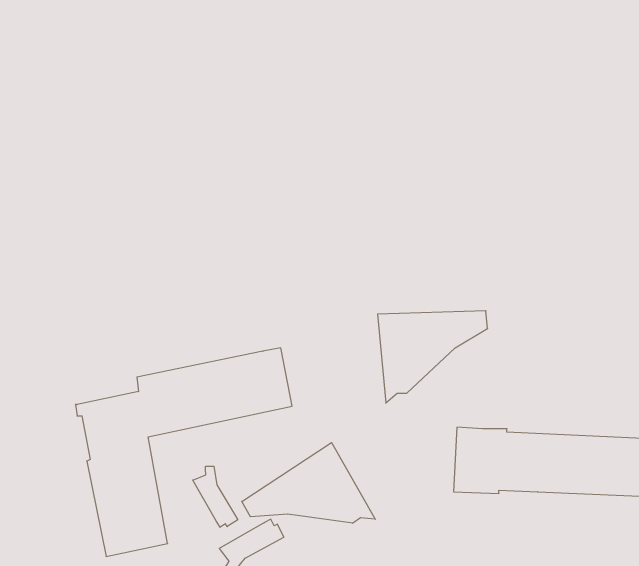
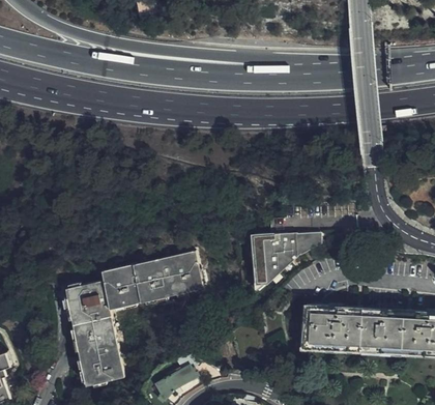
building: [242,443,375,523] -> none
building: [193,466,238,527] -> none

